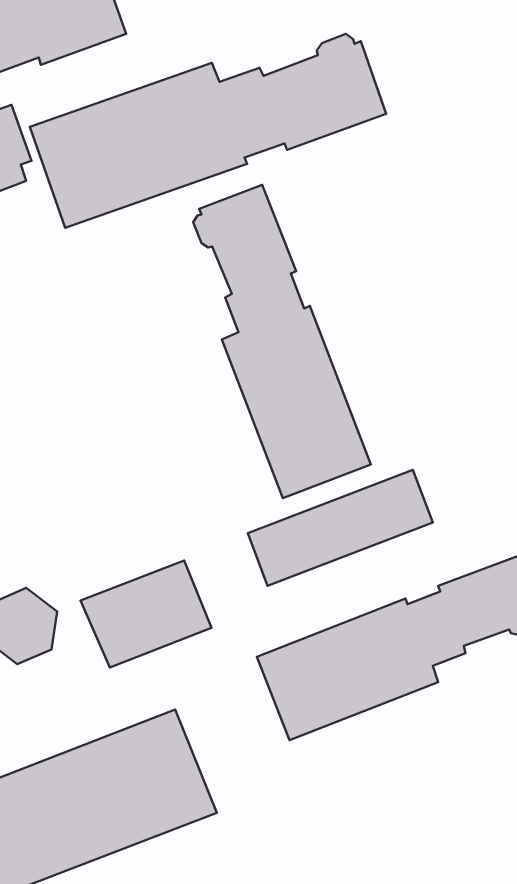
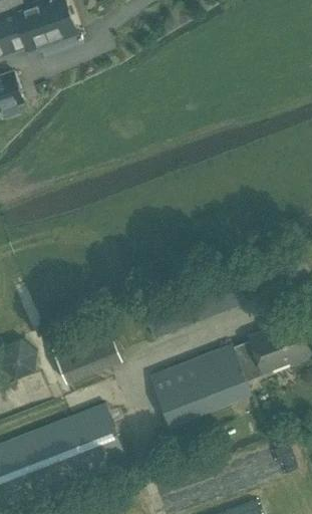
building: [30,34,386,228] -> none
building: [193,185,371,498] -> none

